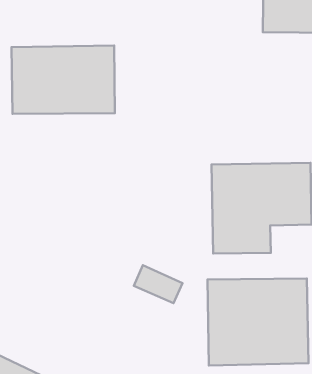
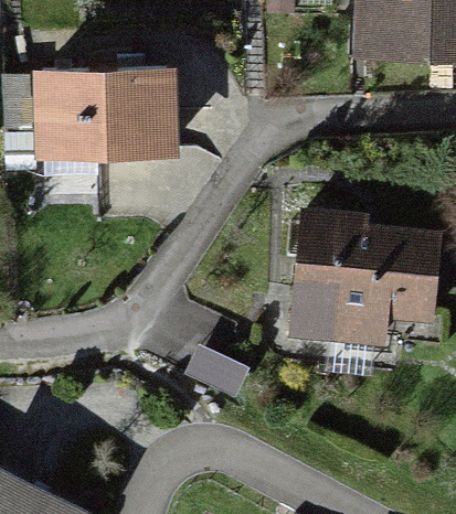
building: [207,278,308,366] -> none

